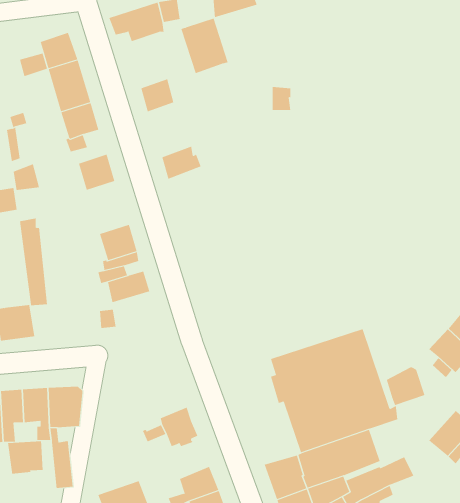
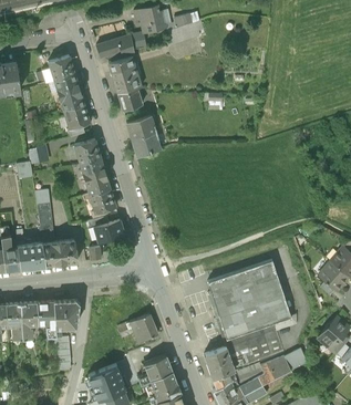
building: [181,18,229,74] -> [107,55,141,94]
building: none -> [126,114,153,142]
building: none -> [80,158,110,195]
building: none -> [41,240,76,266]
building: [386,366,425,406] -> none
building: [7,441,43,475] -> none

